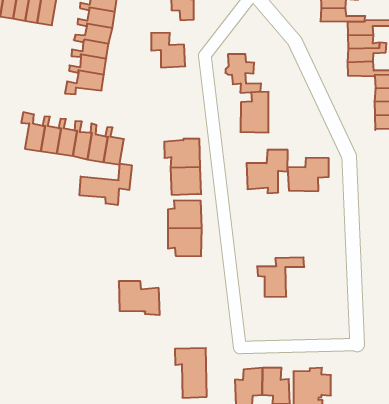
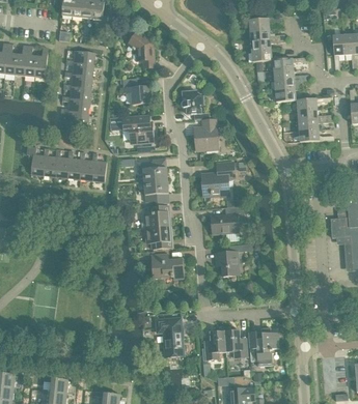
building: none -> [121,113,154,142]
building: [288,158,329,191] -> [212,205,244,232]
building: [80,164,132,205] -> none
building: [119,281,160,315] -> [150,253,184,278]

